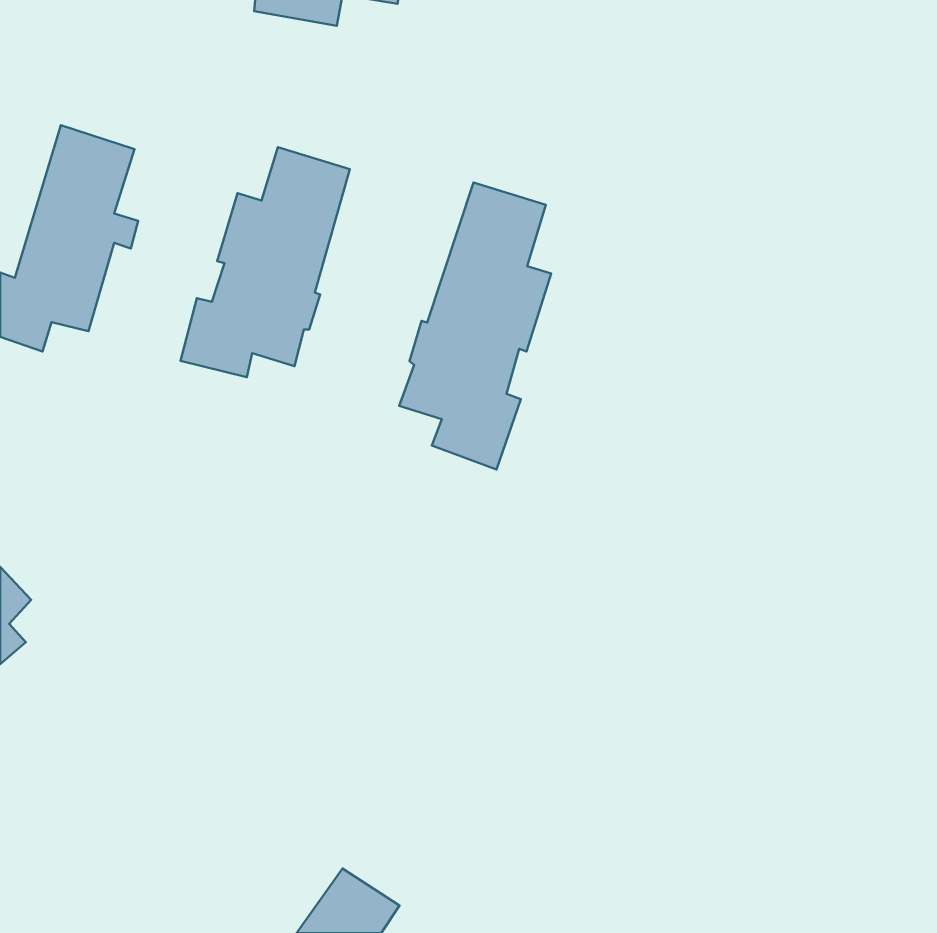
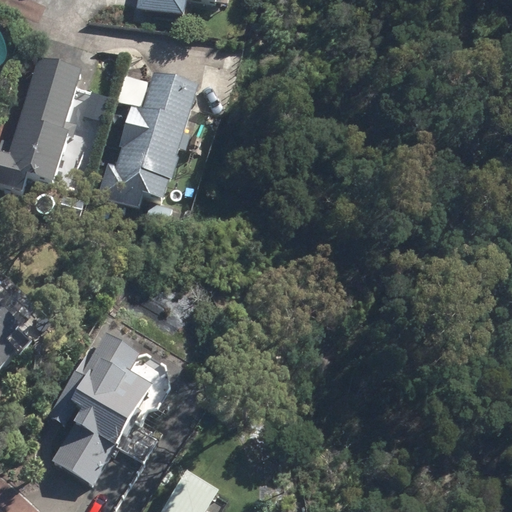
building: [399,182,551,470] -> none
building: none -> [53,334,155,484]

